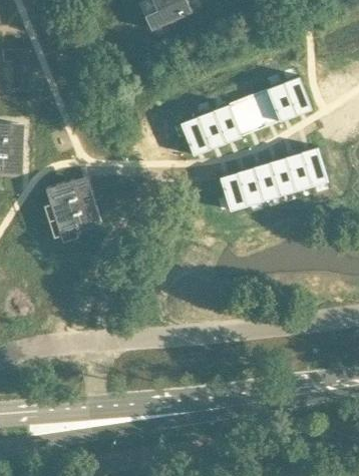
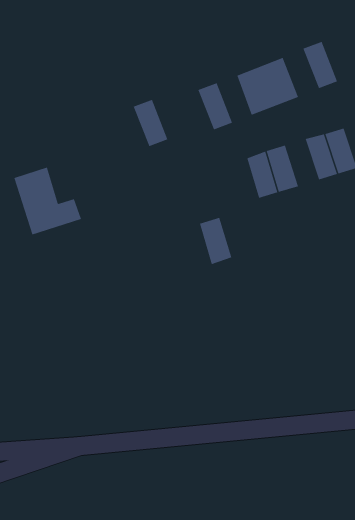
building: [267,82,296,122] -> none
building: [213,104,241,143] -> none
building: [181,116,210,155] -> [133,99,168,147]
building: [269,156,296,195] -> none
building: [220,172,247,211] -> [199,217,232,265]

